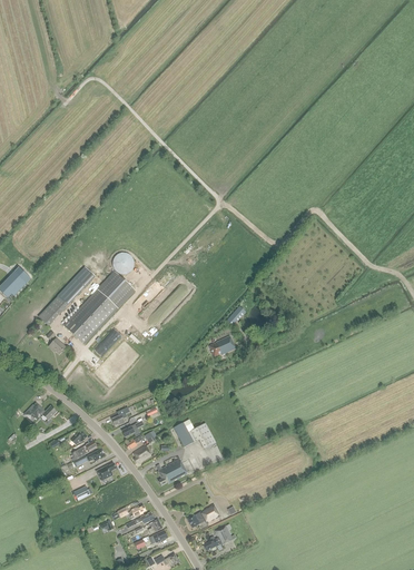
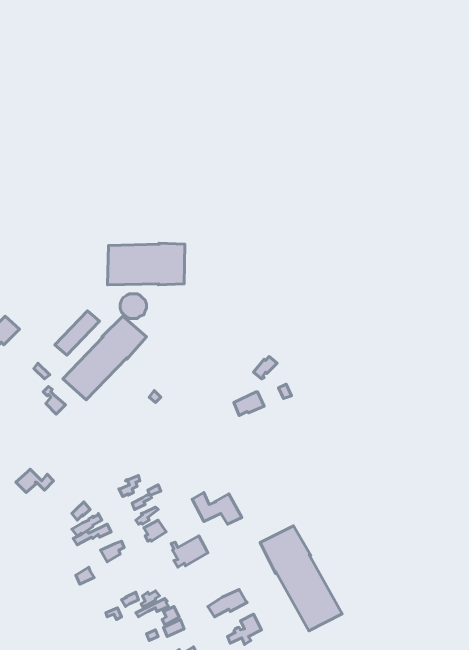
building: none -> [108,243,185,285]
building: none -> [260,526,342,631]

